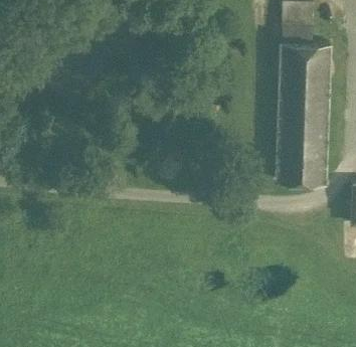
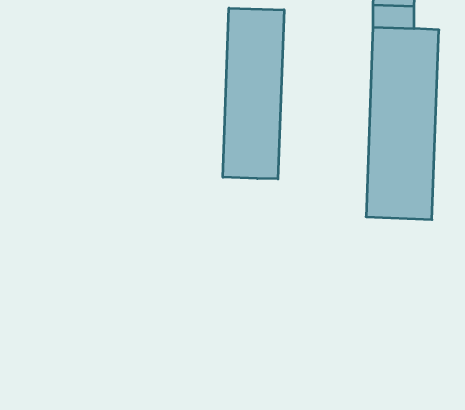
building: none -> [223,8,284,179]

